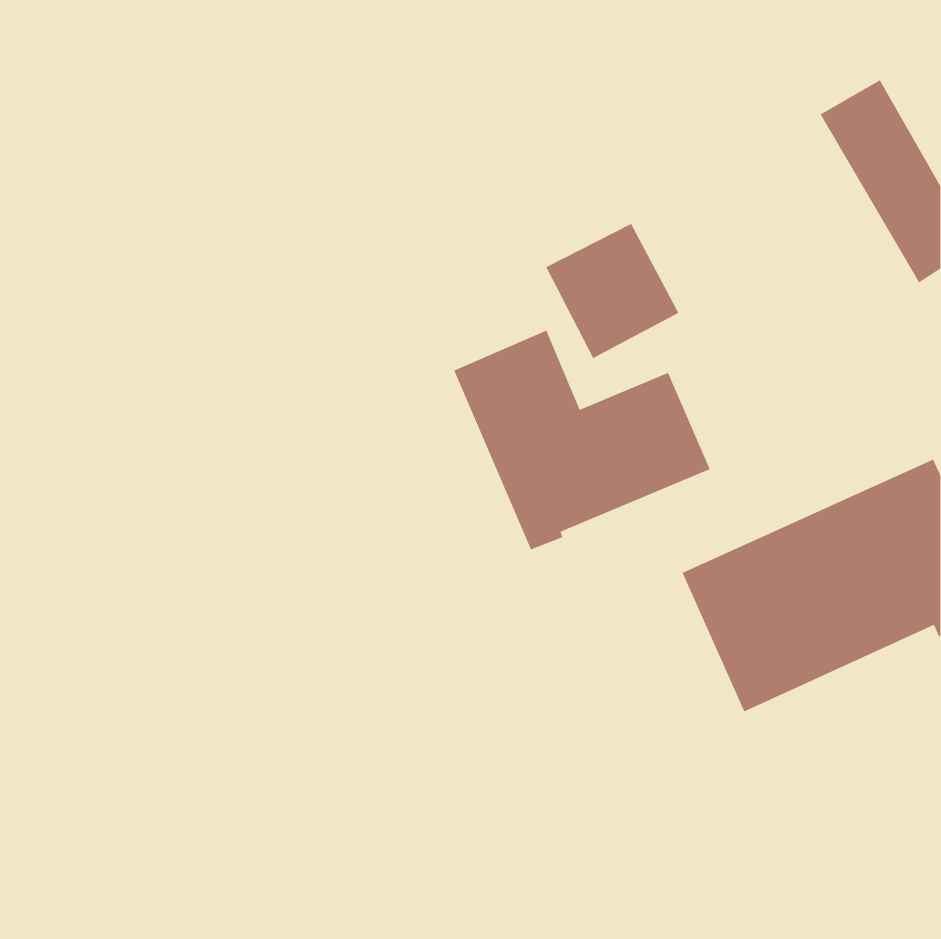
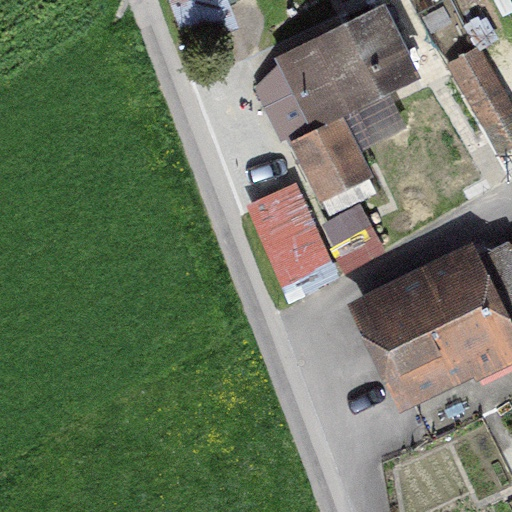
building: none -> [264,11,413,138]

